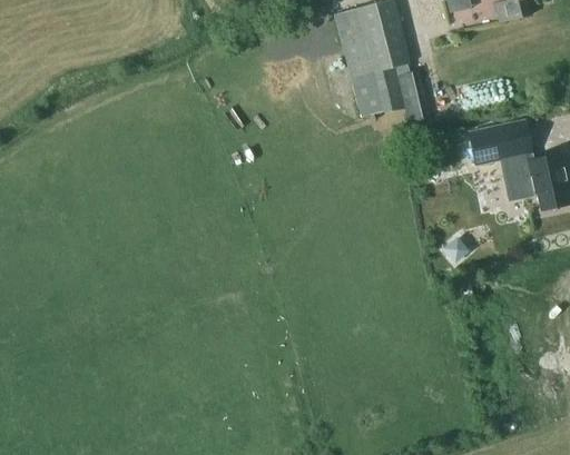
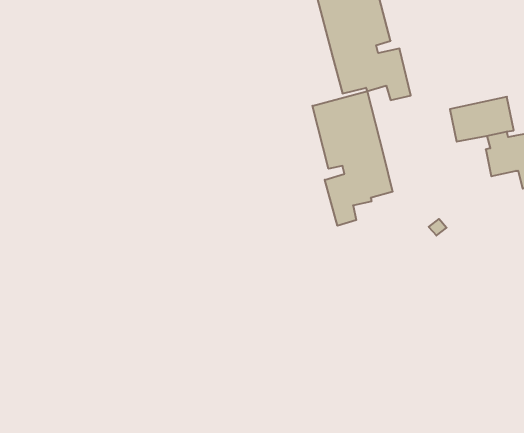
building: none -> [312,91,393,226]

